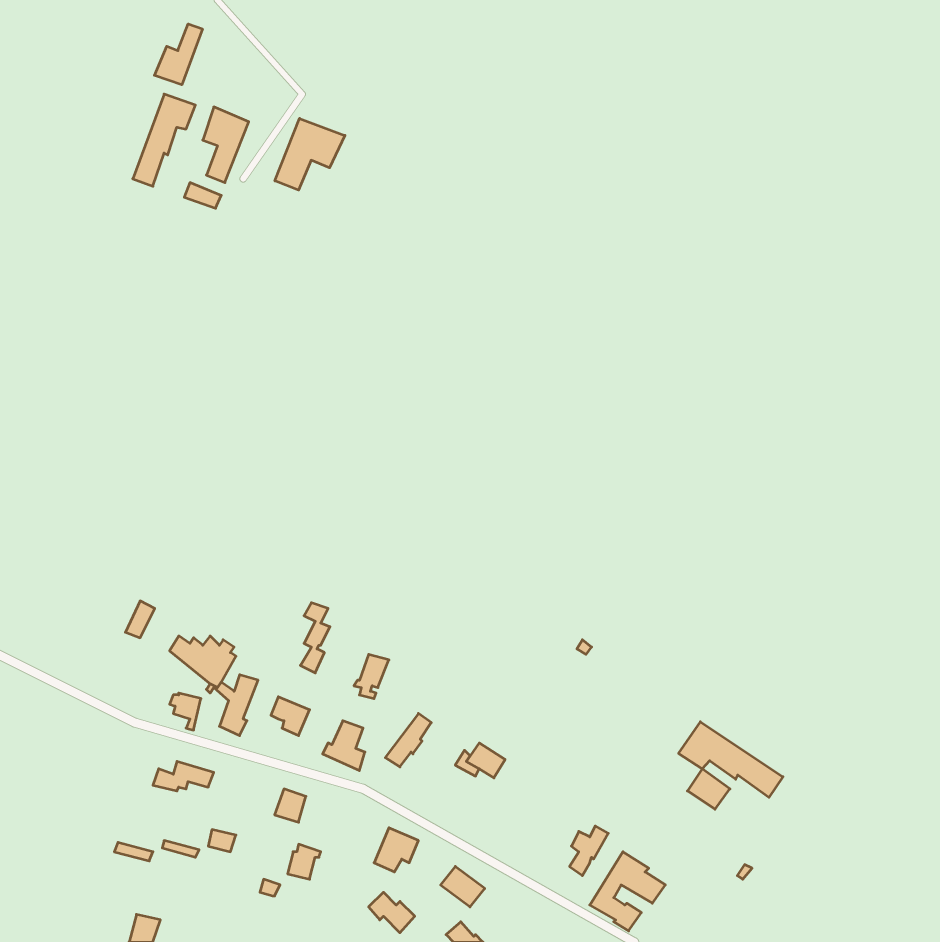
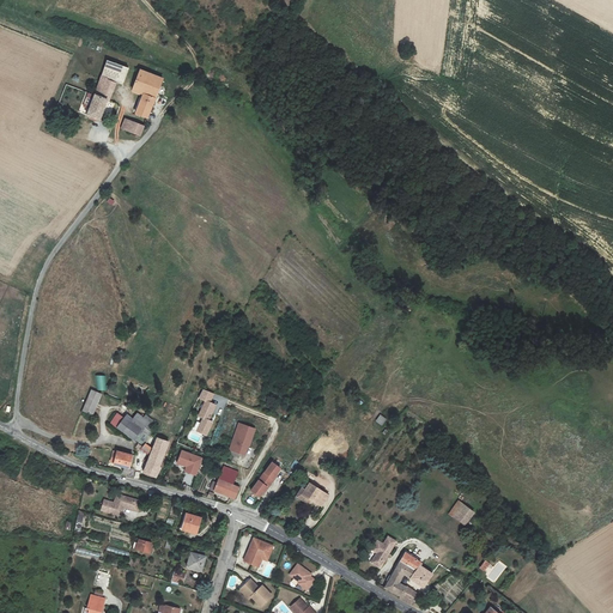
building: [154,24,202,85] -> none
building: [275,118,345,190] -> none
building: [679,722,783,797] -> none

